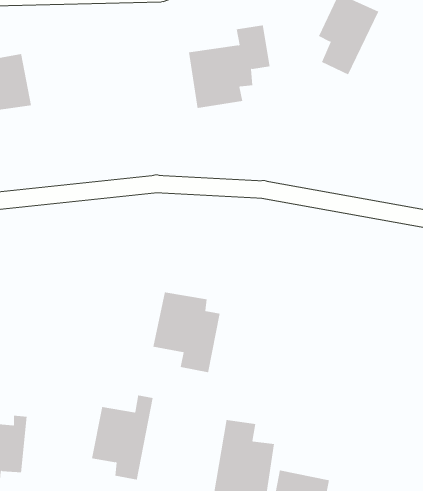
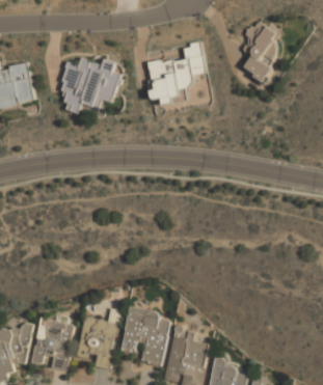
building: none -> [59,56,119,113]
building: [153,292,220,373] -> [120,306,169,364]
building: none -> [32,315,75,370]

